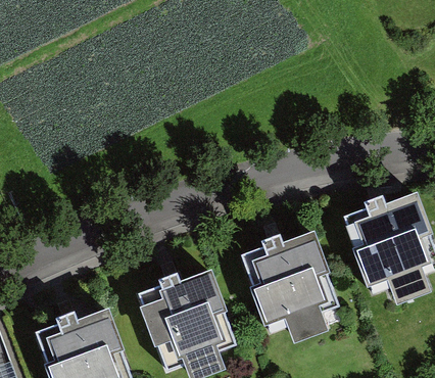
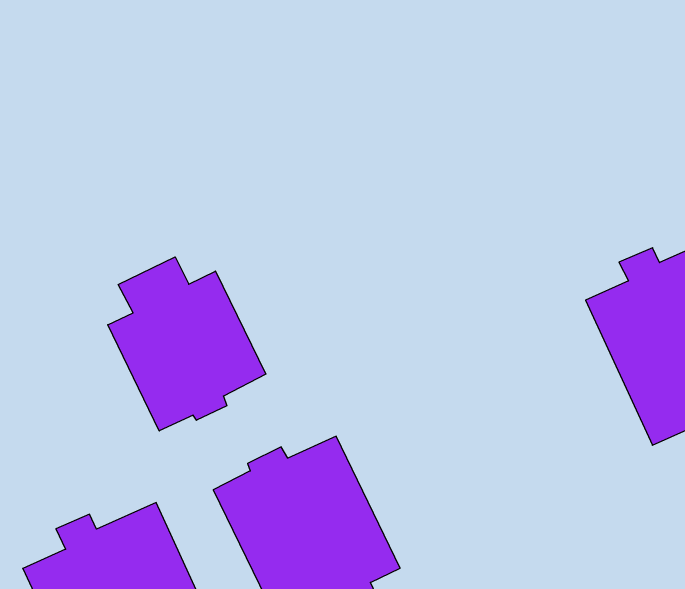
building: none -> [108,257,266,431]
building: [239,228,341,344] -> none

